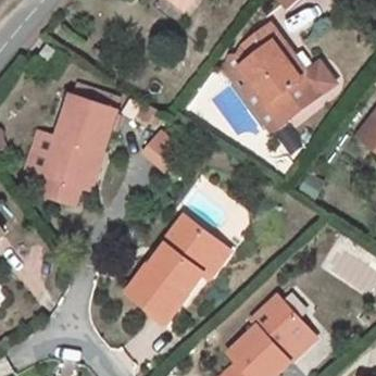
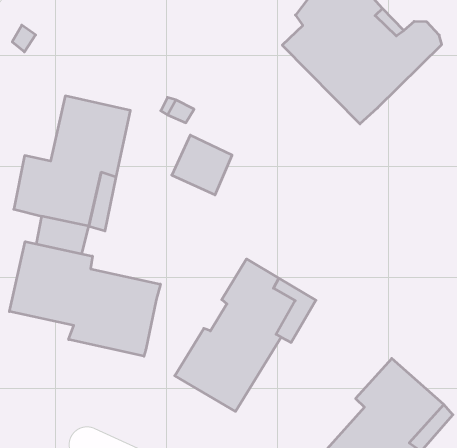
building: none -> [9,242,160,356]

